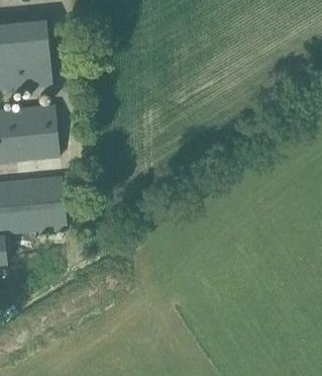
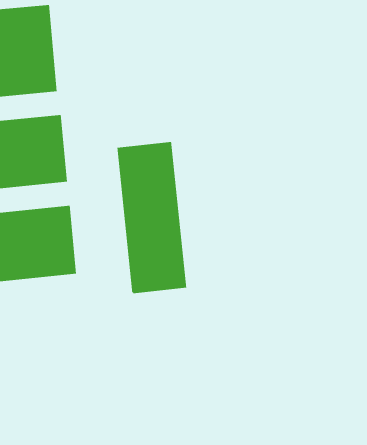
building: none -> [117,141,187,294]

